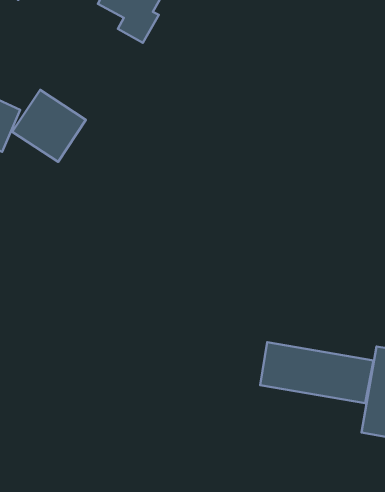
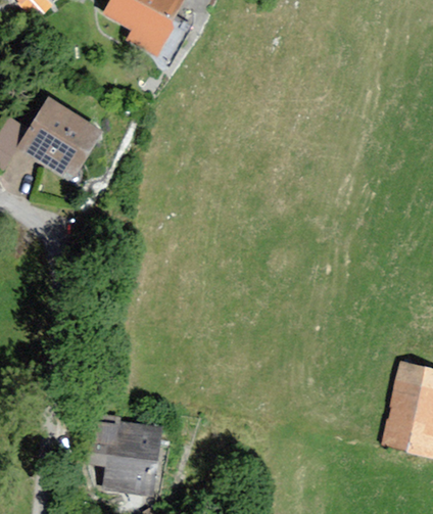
building: [260,342,373,403] -> none
building: none -> [87,421,161,490]

